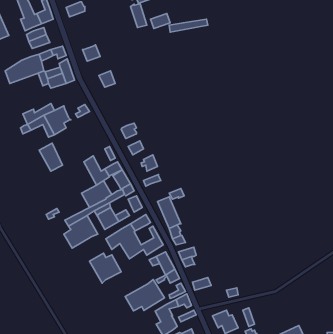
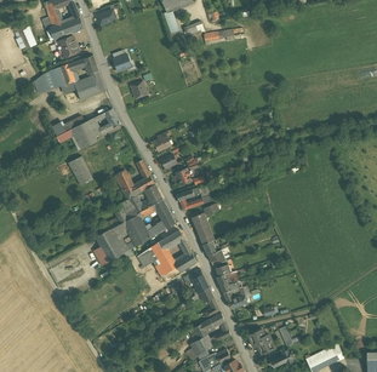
building: [89,253,121,283] -> none
building: [125,279,164,311] -> none

